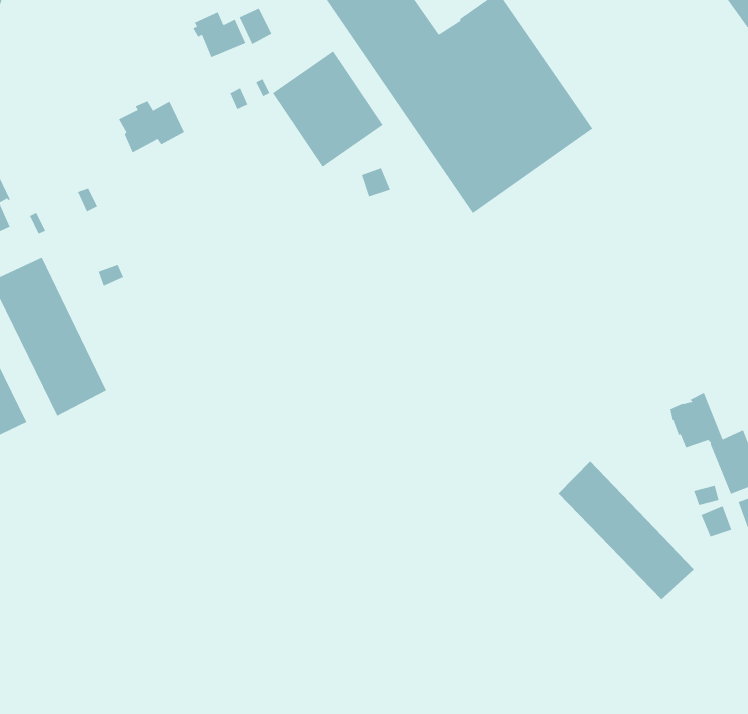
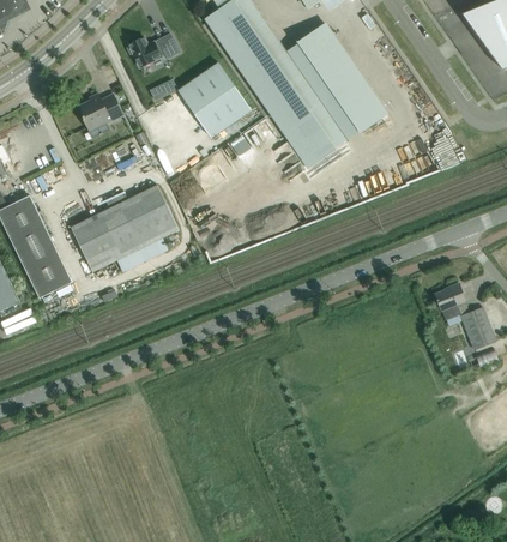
building: none -> [70,185,177,271]
building: [558,460,695,600] -> none

